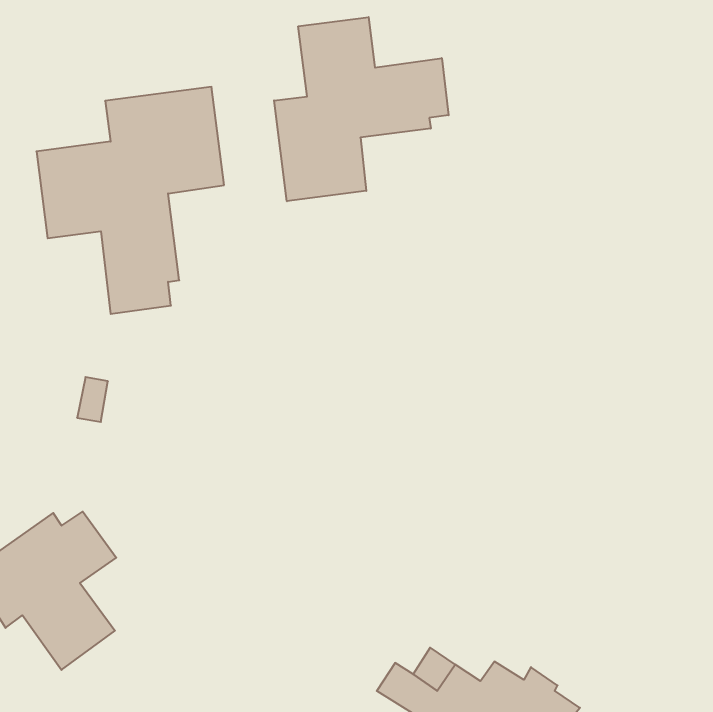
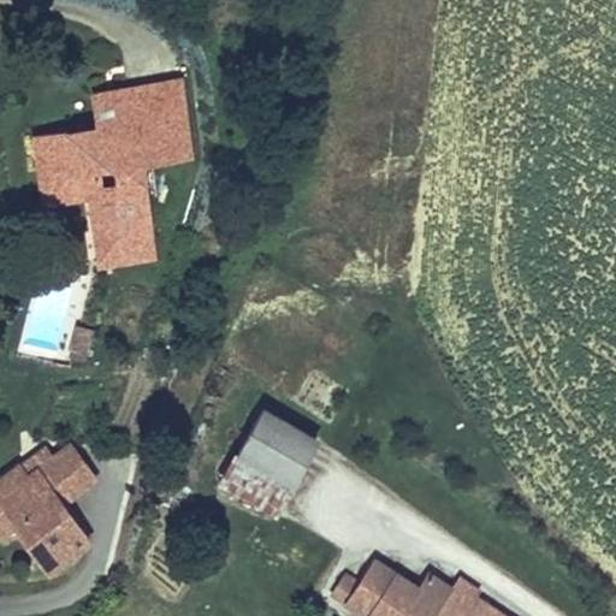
building: [274,17,449,201] -> none
building: none -> [217,407,324,520]

